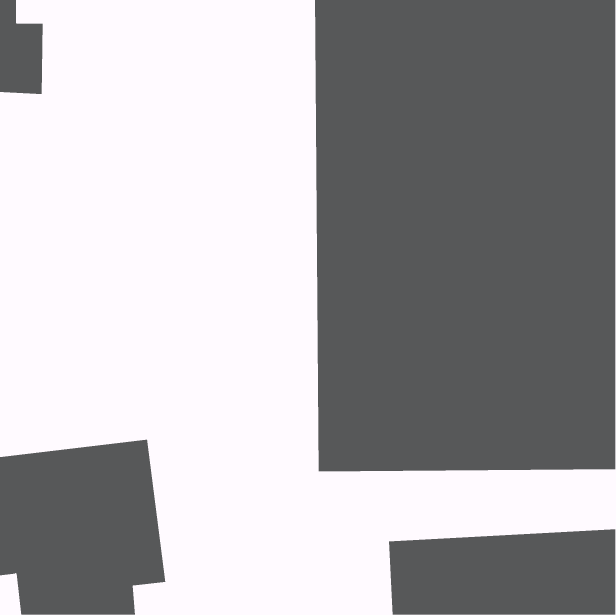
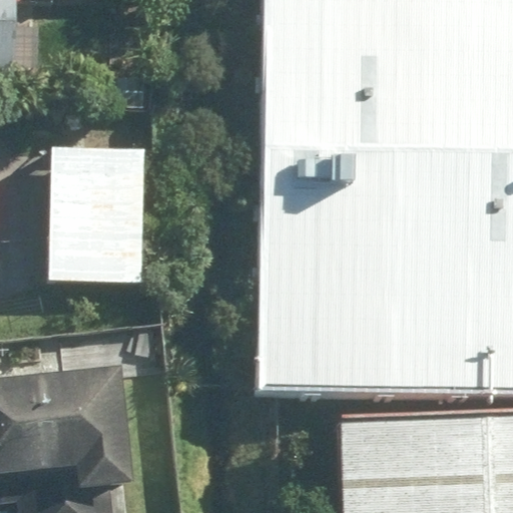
building: none -> [49,146,150,283]

